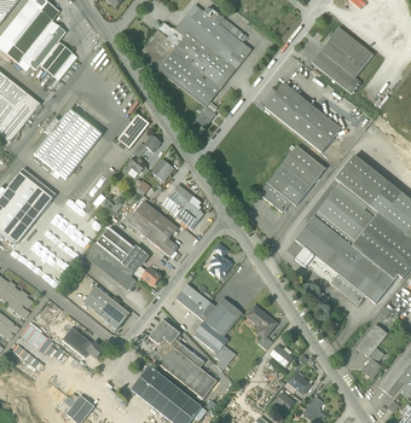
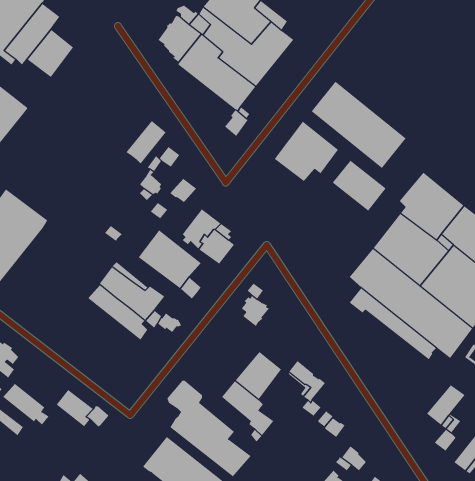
building: [311,27,372,93] -> none
building: [33,109,100,179] -> none
building: [257,163,309,212] -> [274,121,339,182]
building: [174,283,215,320] -> none
building: [82,285,129,329] -> none

